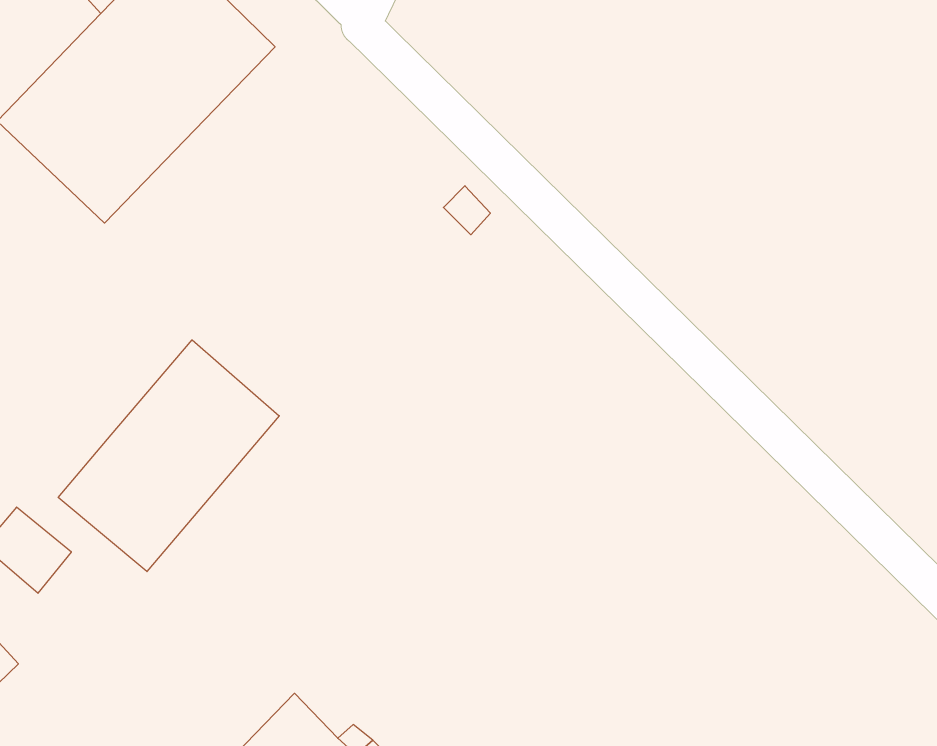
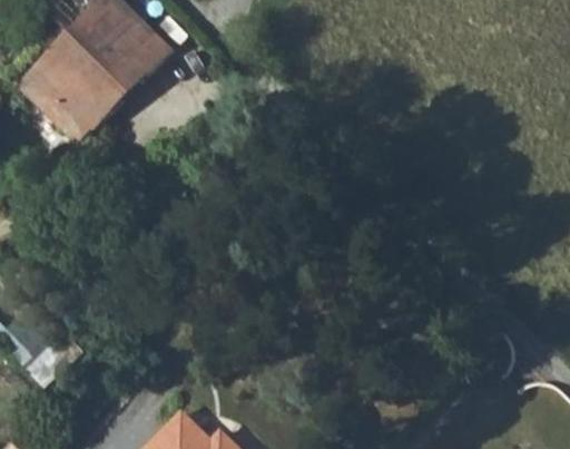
building: [58,340,279,572] -> none

